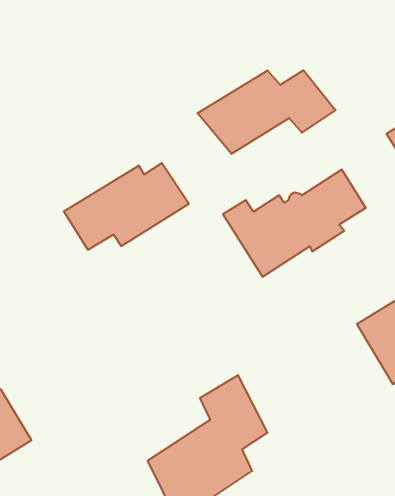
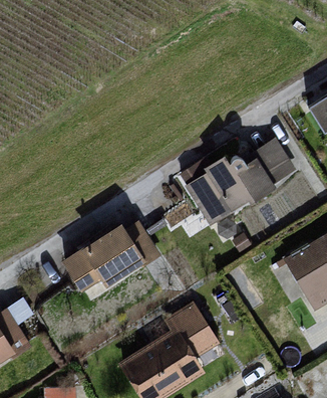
building: [197,70,336,154] -> none
building: [64,163,189,250] -> [62,222,160,290]

